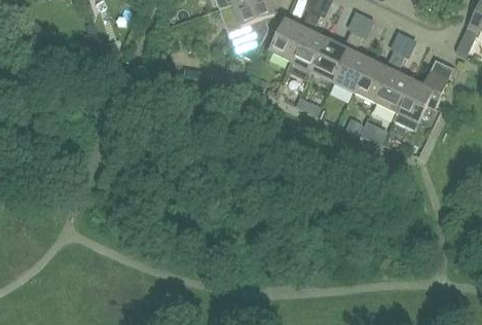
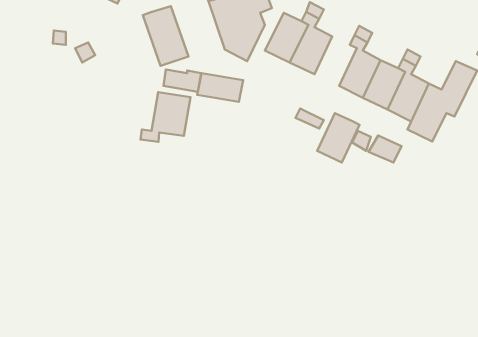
building: none -> [143,6,189,66]
building: [311,37,348,80] -> [317,113,359,163]
building: none -> [197,73,243,102]
building: none -> [140,92,191,142]

